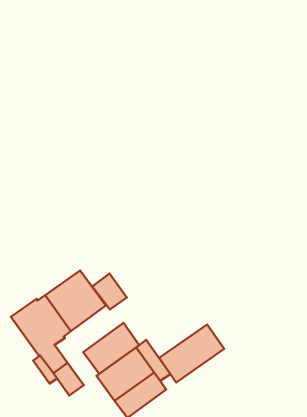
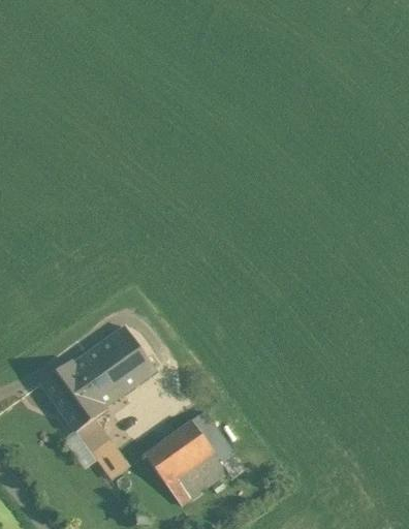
building: [92,274,127,309] -> none
building: [83,323,139,374] -> none
building: [159,324,224,382] -> none

